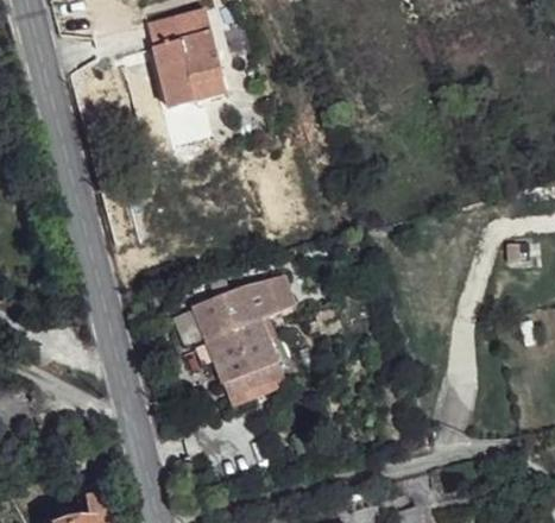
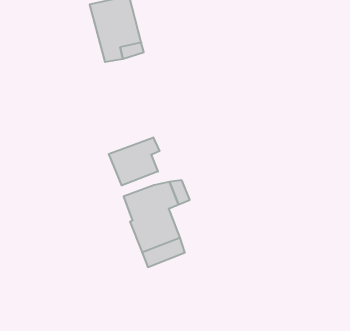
building: none -> [109,137,160,185]

